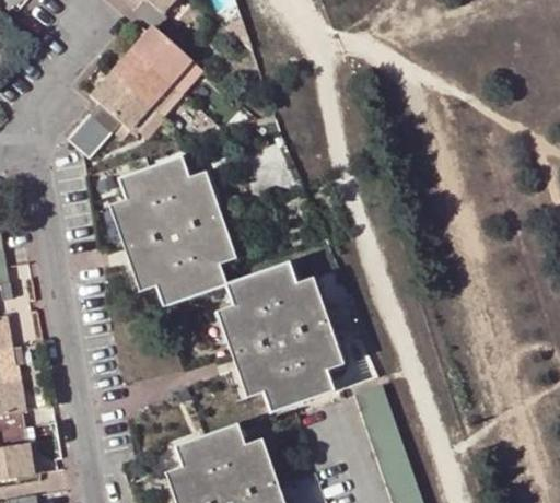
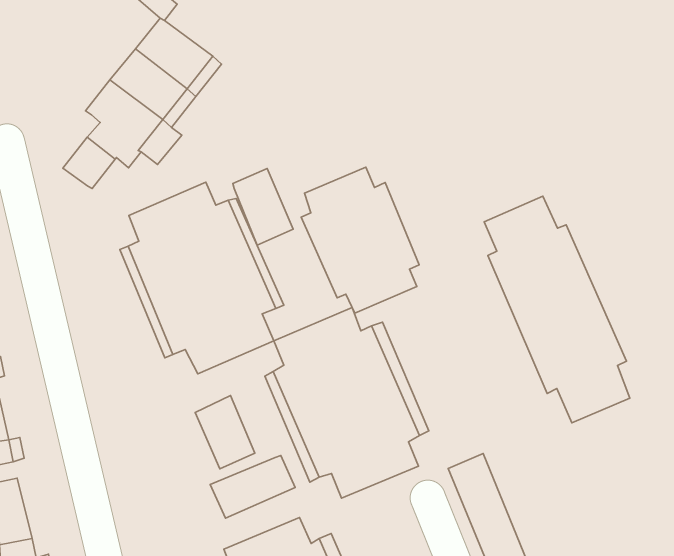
building: none -> [233,168,293,245]
building: none -> [301,167,419,313]
building: none -> [484,196,630,423]
building: none -> [195,396,255,469]
building: none -> [210,456,295,518]

